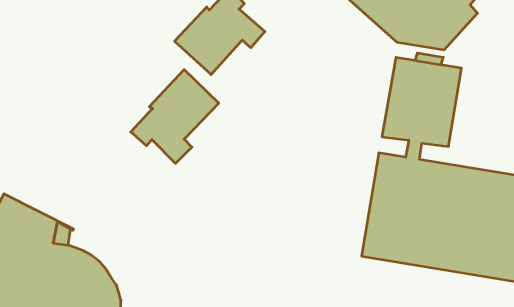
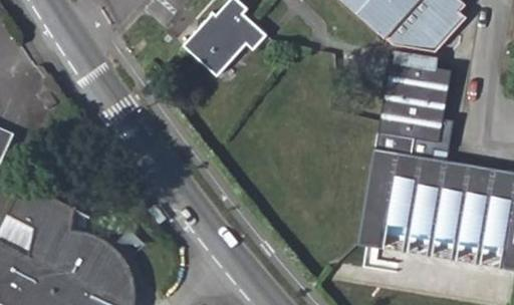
building: [131,70,219,163] -> none

